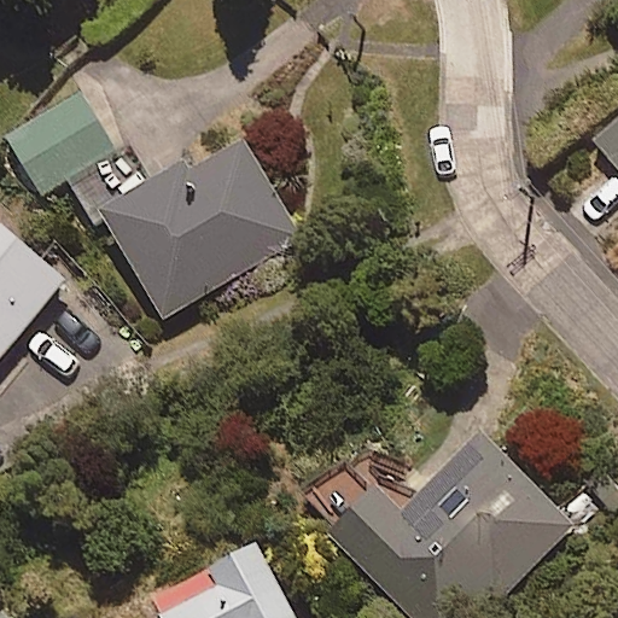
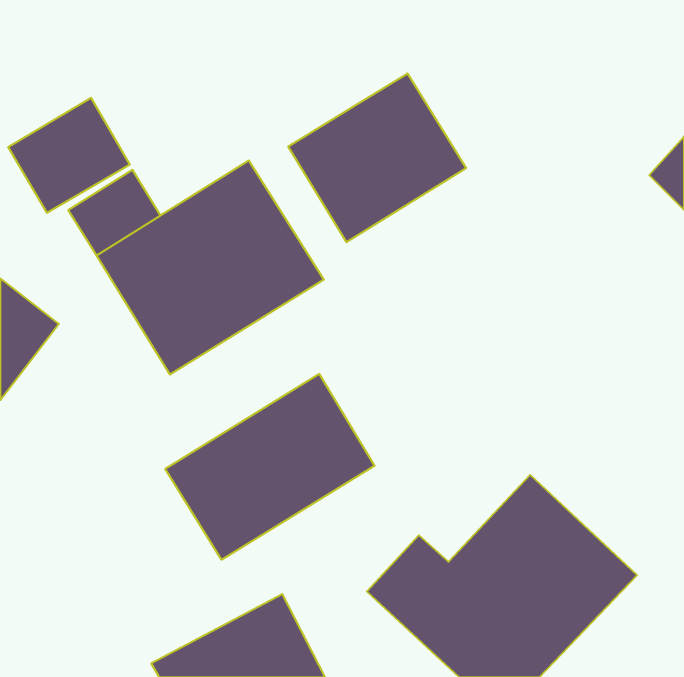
building: none -> [288,73,466,242]
building: none -> [165,374,375,560]

